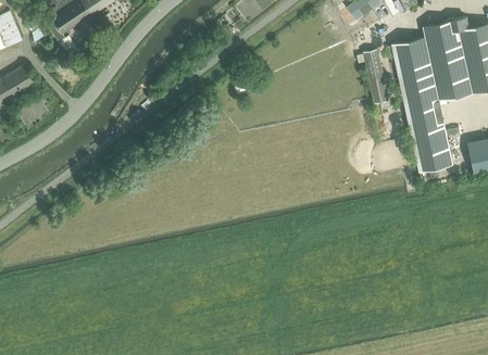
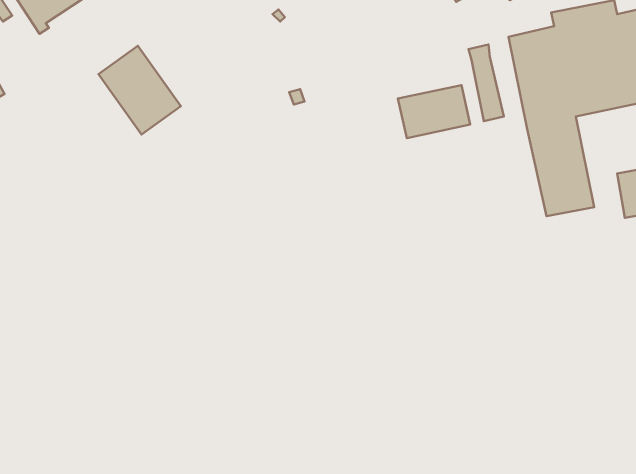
building: none -> [99,46,181,134]
building: none -> [398,85,470,138]

